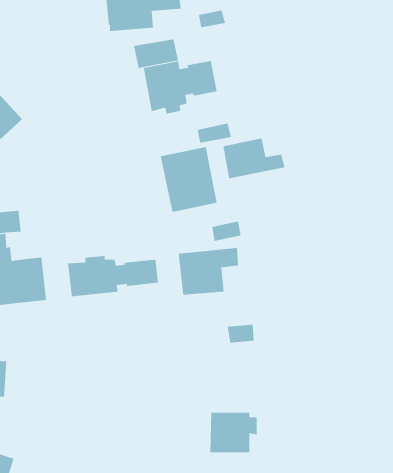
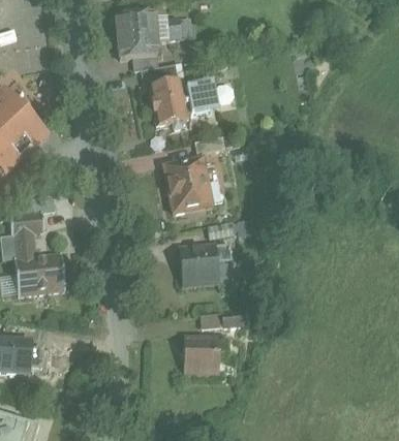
building: [223,137,285,179] -> none
building: [67,255,159,297] -> none
building: [209,412,257,453] -> [184,338,225,373]

